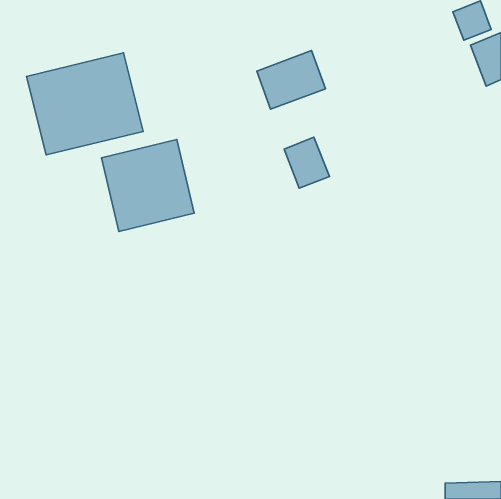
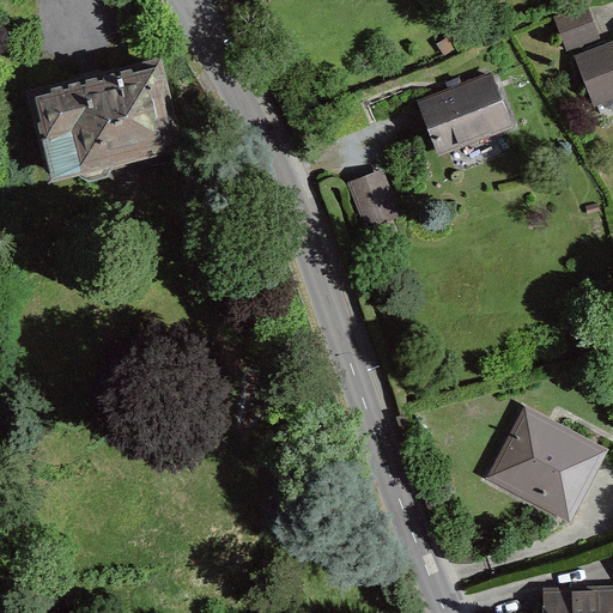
building: [257,50,325,109] -> [425,79,509,151]
building: [102,140,194,231] -> none
building: none -> [497,414,601,514]

